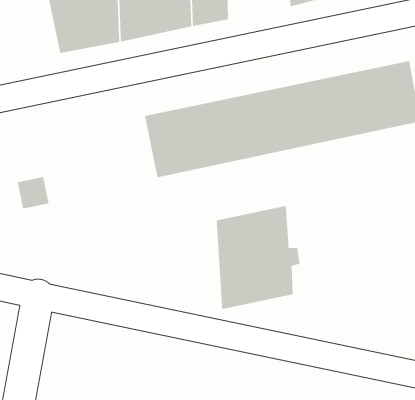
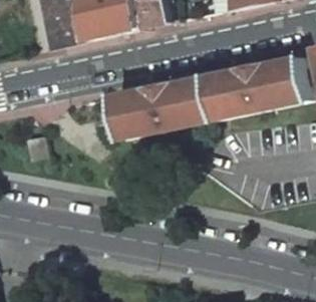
building: [216,205,300,310] -> none

